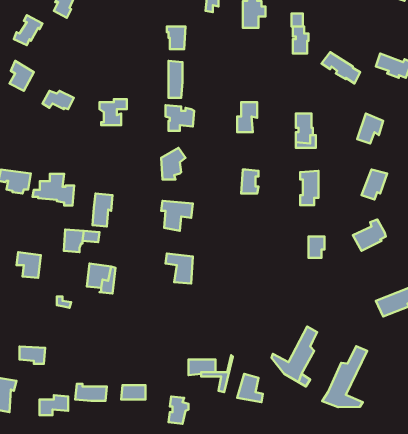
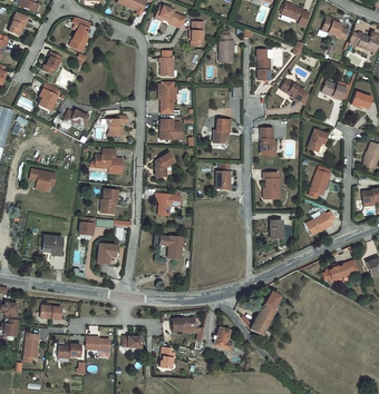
building: [33,174,74,205] -> [89,148,122,173]
building: [322,346,367,407] -> none

